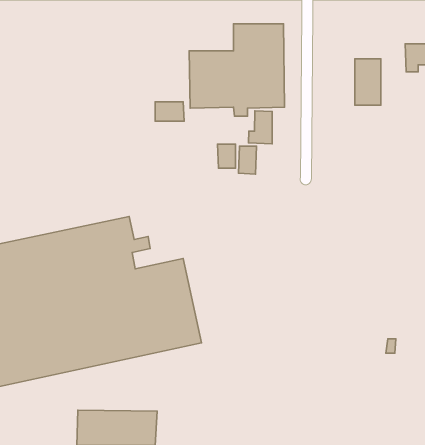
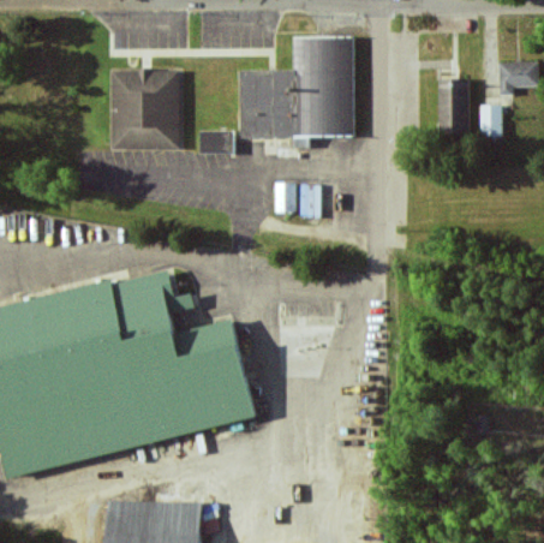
building: none -> [110,70,179,149]
building: none -> [480,105,502,137]
building: [249,111,272,144] -> none

